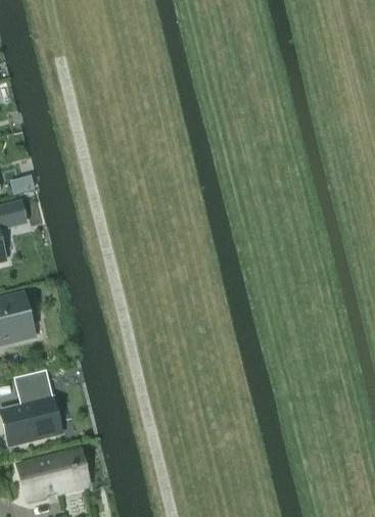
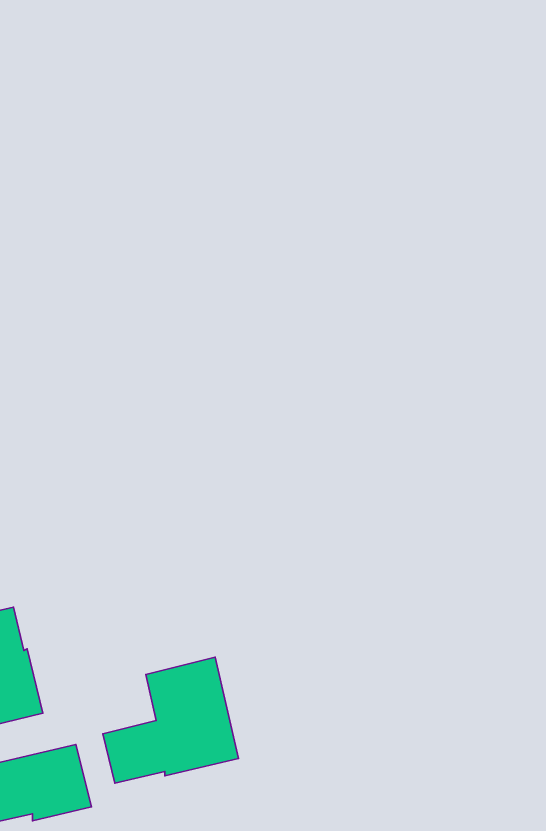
building: none -> [103,657,239,783]

